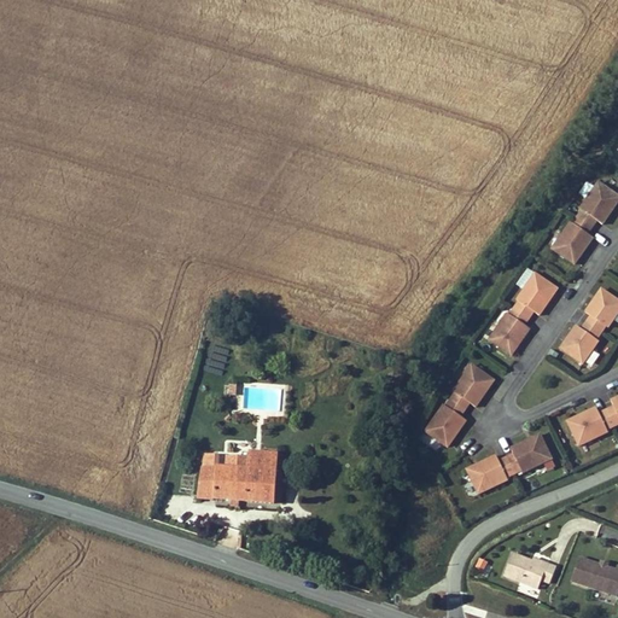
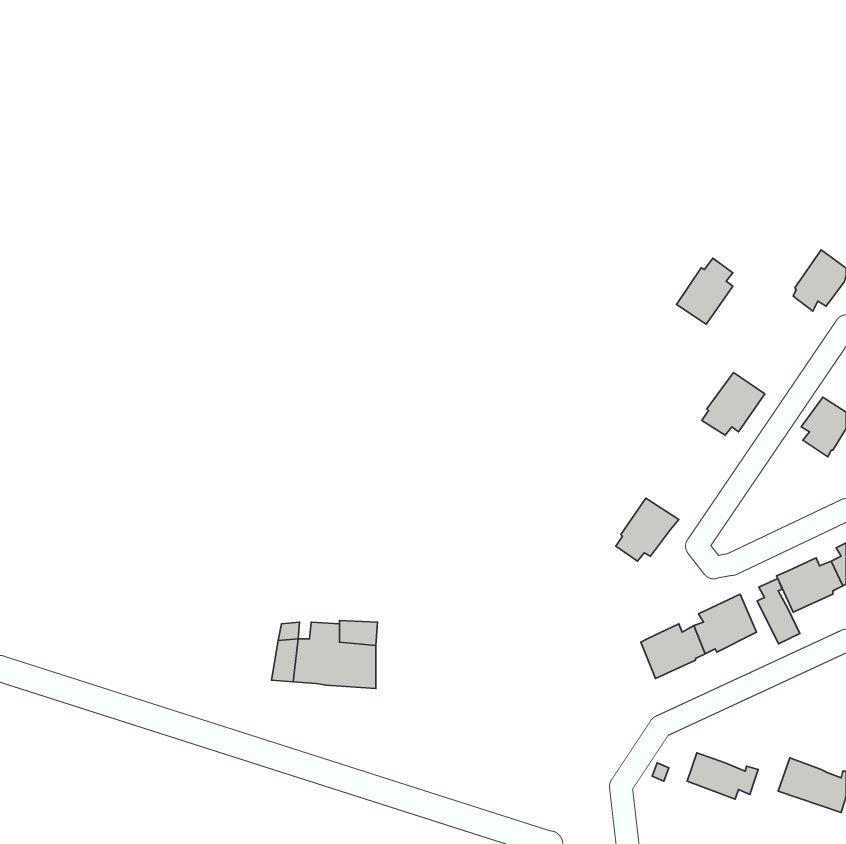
building: [552,216,593,264] -> [676,258,733,324]
building: [488,307,529,355] -> none
building: [559,321,604,365] -> none
building: [425,398,466,445] -> none
building: none -> [757,579,800,644]

